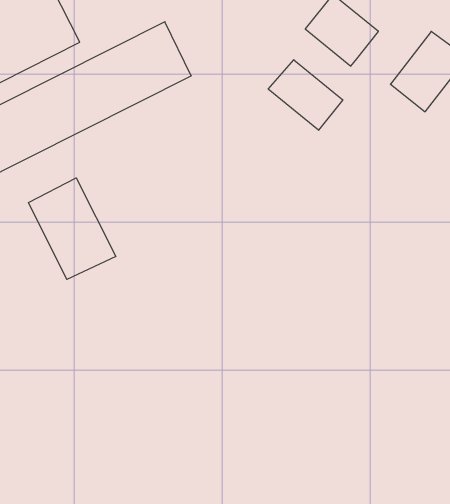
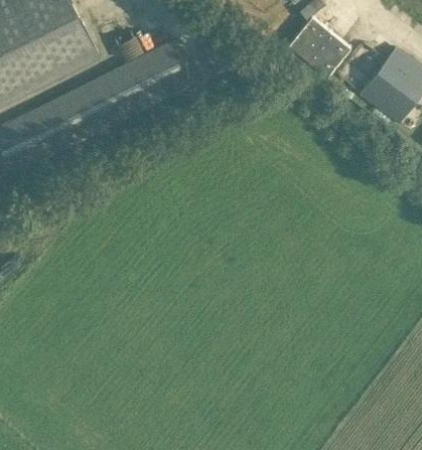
building: [268,60,343,130] -> none
building: [28,178,116,279] -> none

